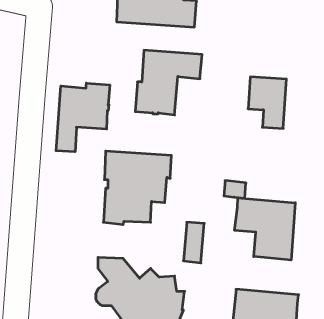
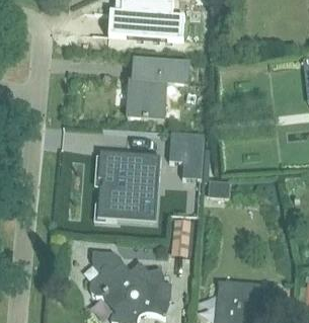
building: [248,77,286,128] -> [168,130,204,177]
building: [56,83,110,152] -> none
building: [235,198,295,260] -> none

